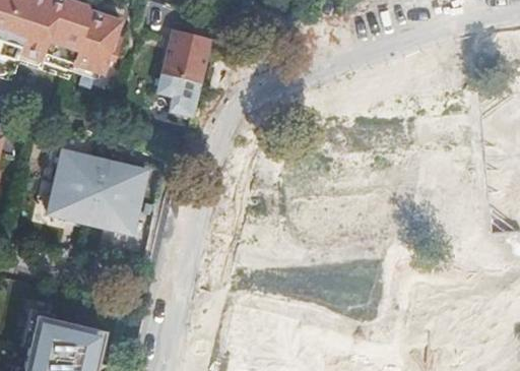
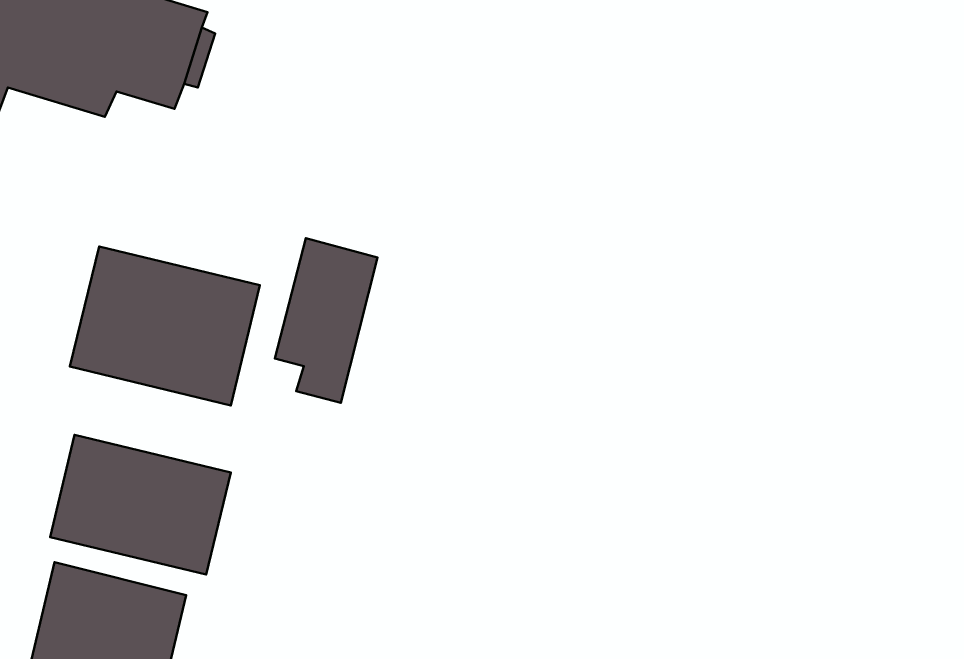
building: [157,28,211,115] -> [275,238,378,403]
building: none -> [50,435,231,575]

